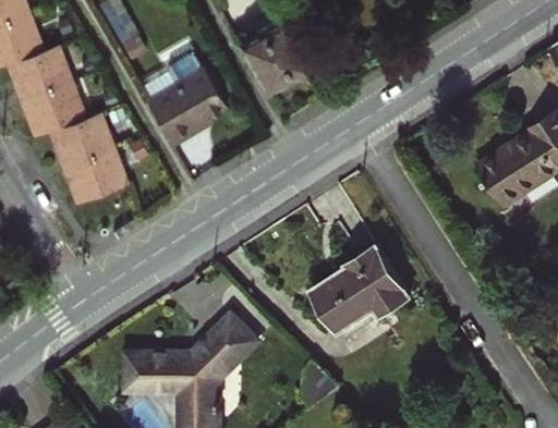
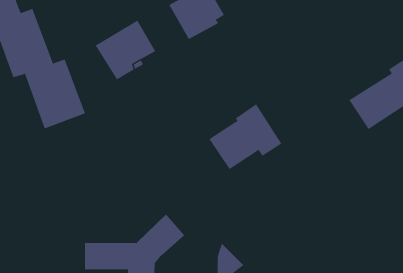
building: [316,241,413,328] -> [208,104,282,170]

